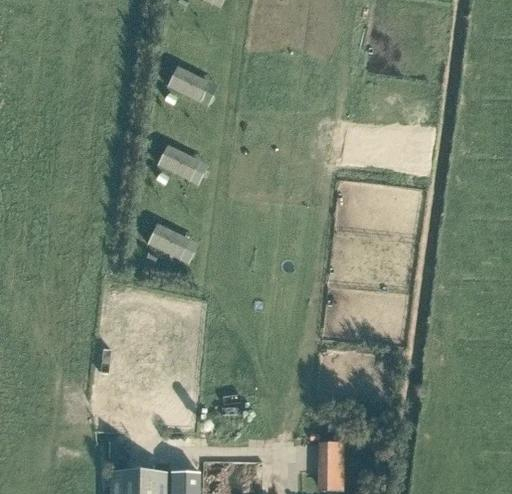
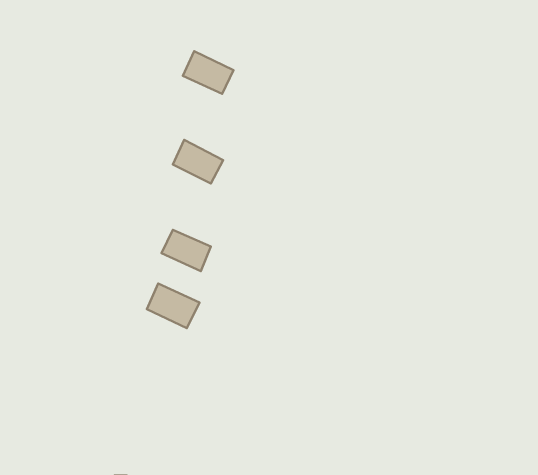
building: none -> [147,284,200,328]

